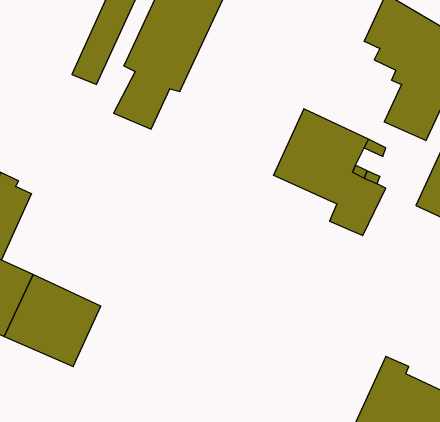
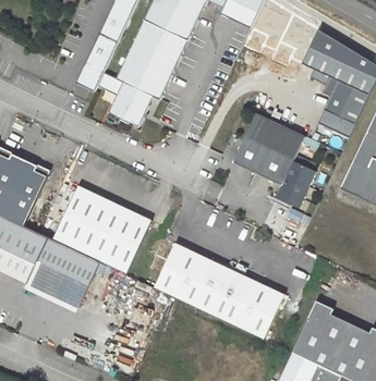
building: none -> [52,186,150,274]
building: none -> [154,243,282,337]

